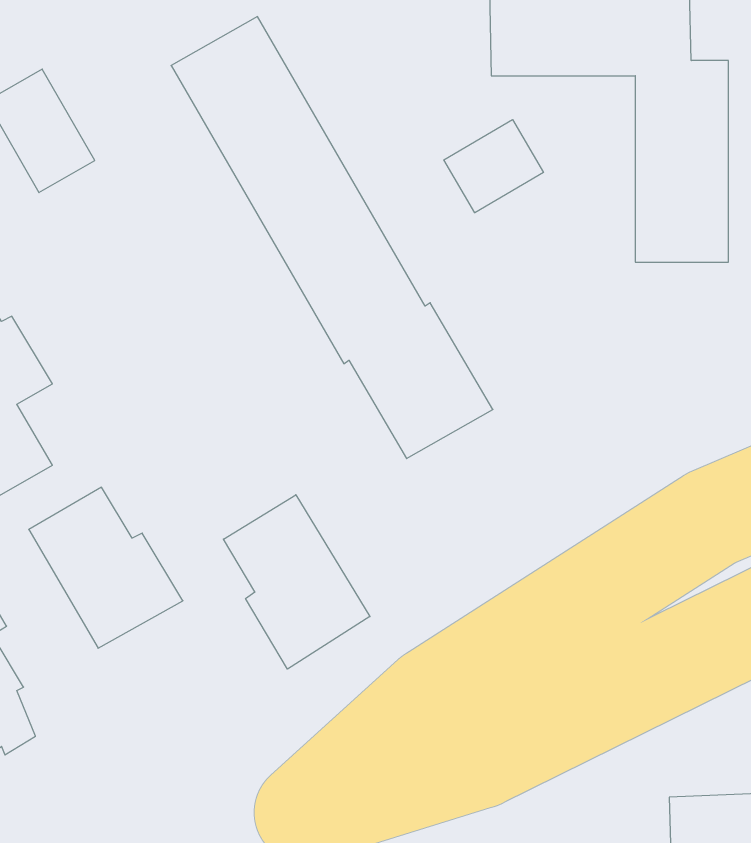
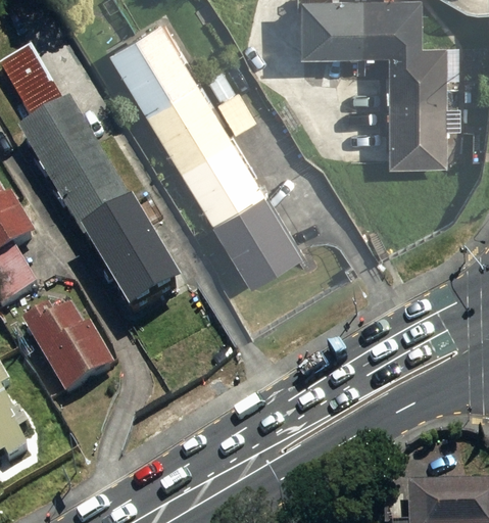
building: [444,120,543,213] -> none
building: none -> [19,101,185,314]
building: [223,495,370,669] -> none

